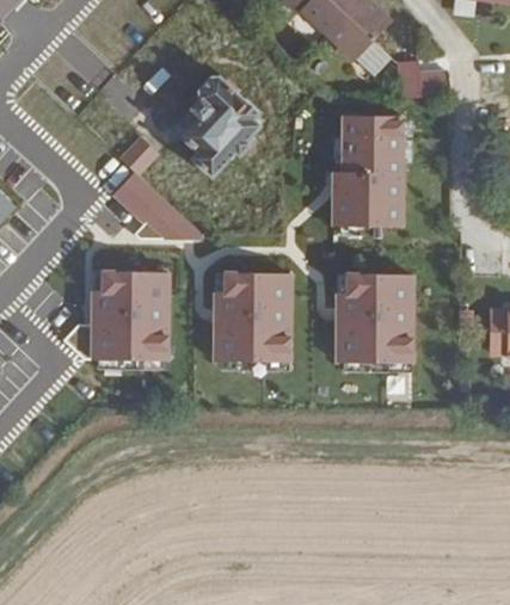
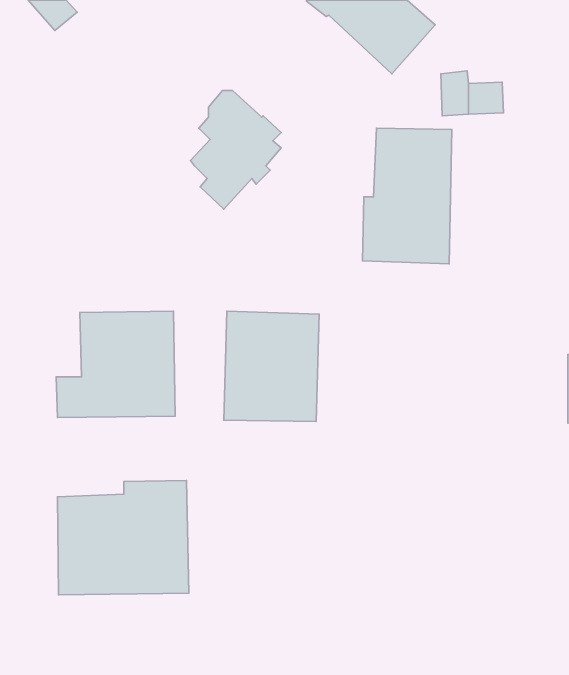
building: [110,132,201,255] -> none
building: [334,271,414,364] -> none
building: none -> [57,481,189,595]

